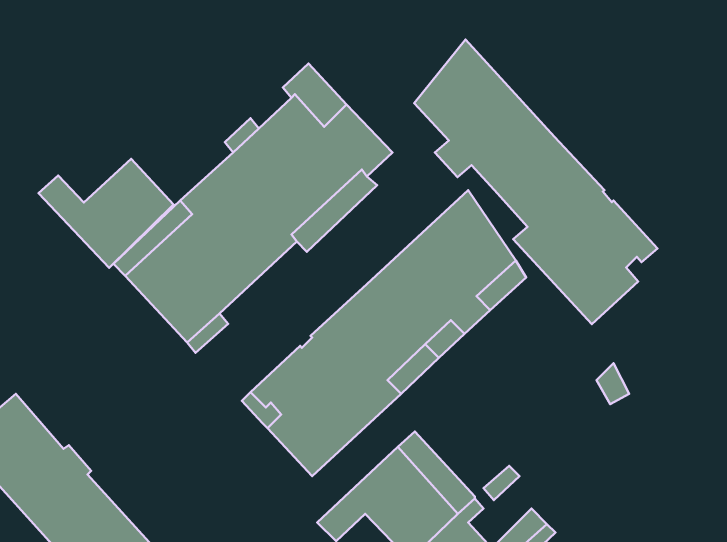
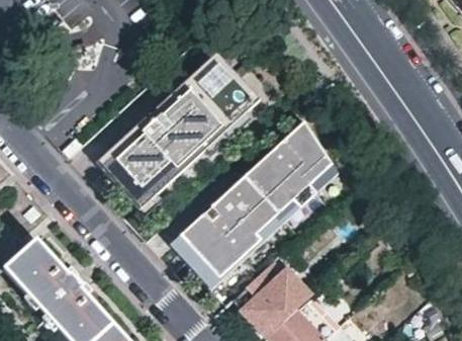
building: [414,40,657,324] -> none
building: [38,159,173,268] -> none

